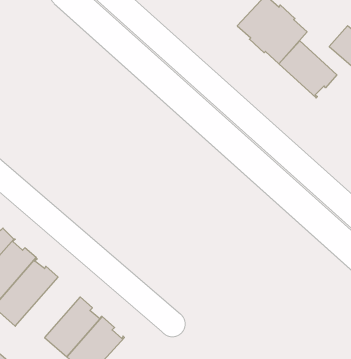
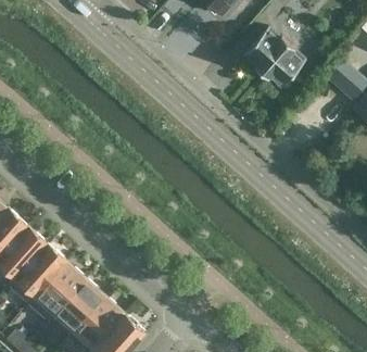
building: [279,41,337,98] -> none
building: none -> [47,278,104,331]

